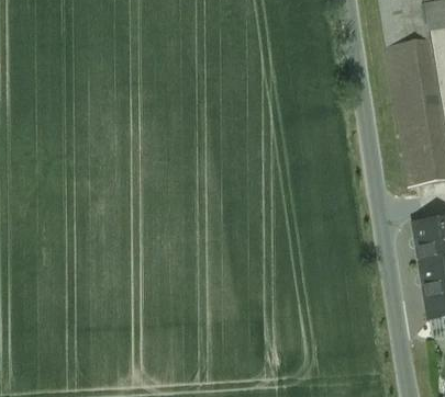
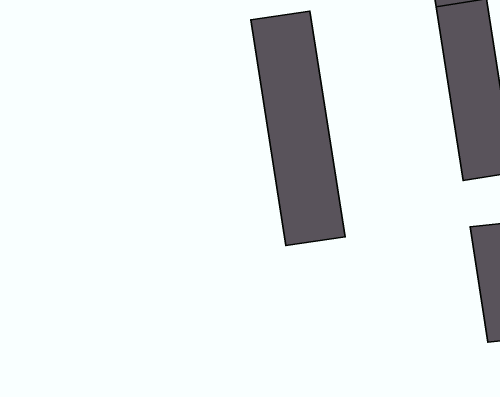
building: none -> [251,11,345,246]

